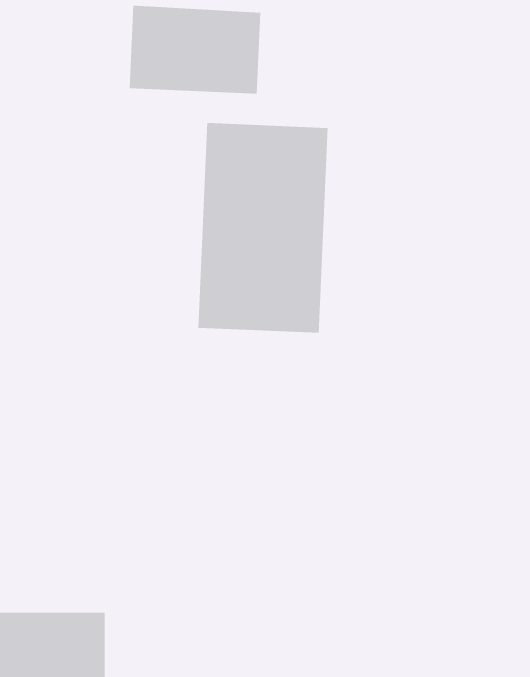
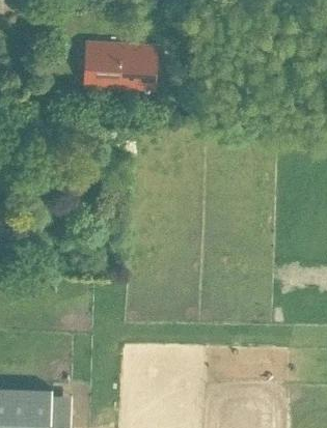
building: [198,122,328,334] -> none

